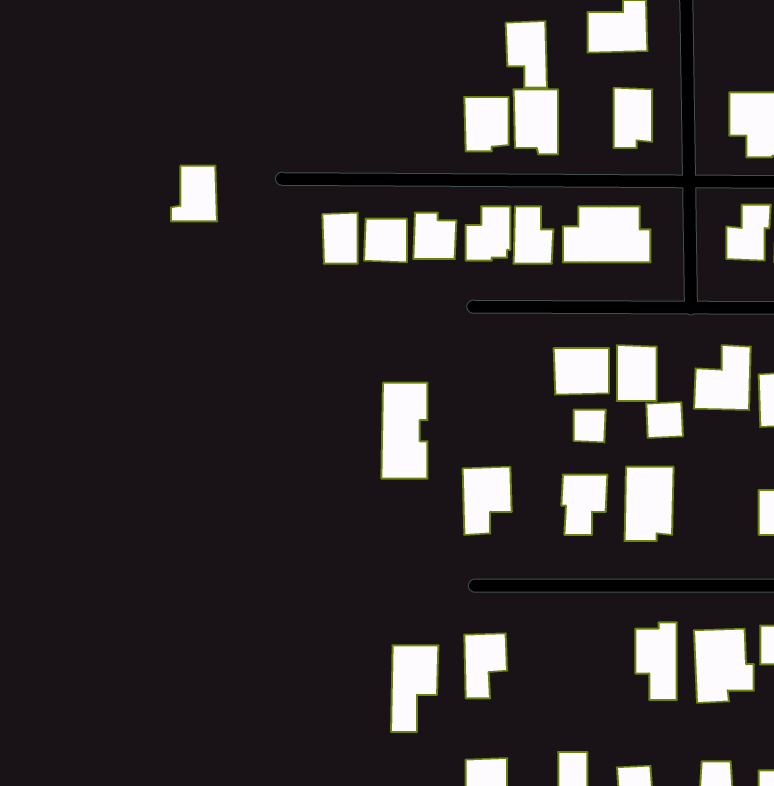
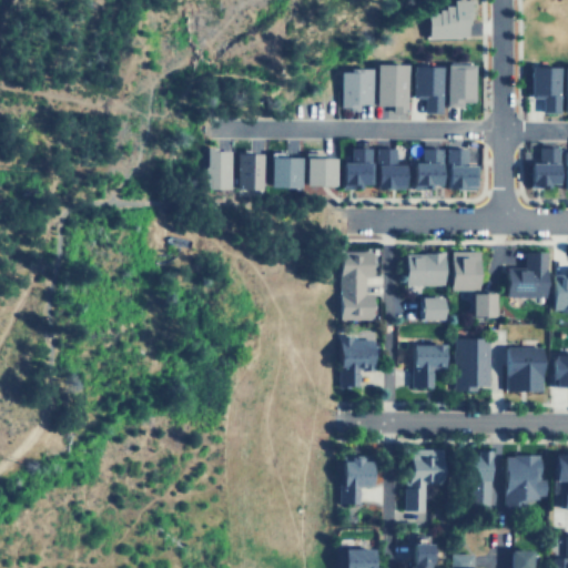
building: [506,21,547,88] -> [417,67,447,114]
building: [171,166,217,221] -> [203,151,236,191]
building: [381,383,428,478] -> [343,251,376,320]
building: none -> [509,346,546,390]
building: [391,645,439,732] -> [412,448,446,510]

